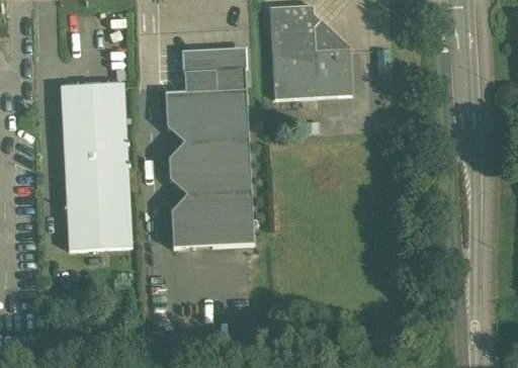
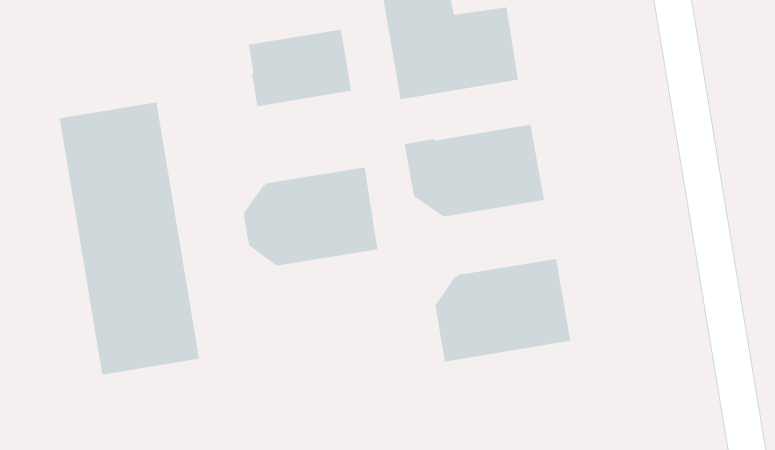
building: [165,89,249,142] -> [404,124,545,218]
building: [171,190,254,247] -> [434,259,571,362]

